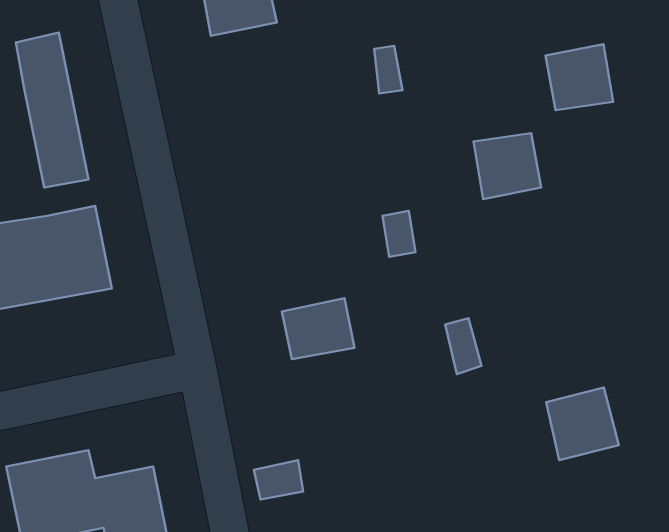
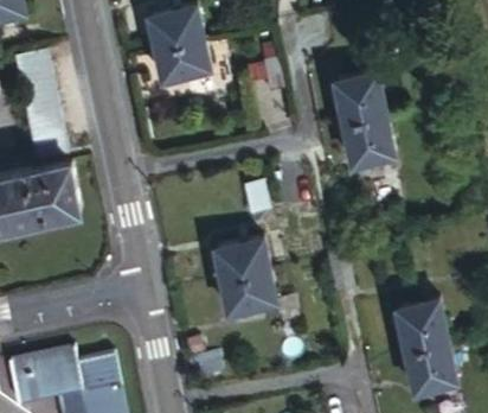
building: none -> [155,38,207,76]
building: [546,44,613,110] -> [336,76,385,123]
building: none -> [213,272,265,312]
building: none -> [405,342,456,392]

